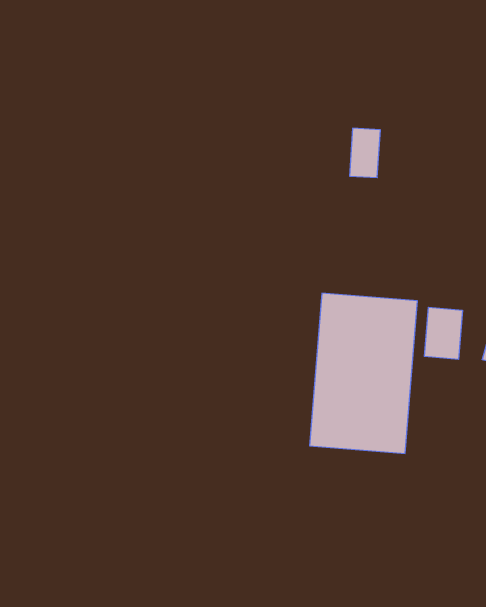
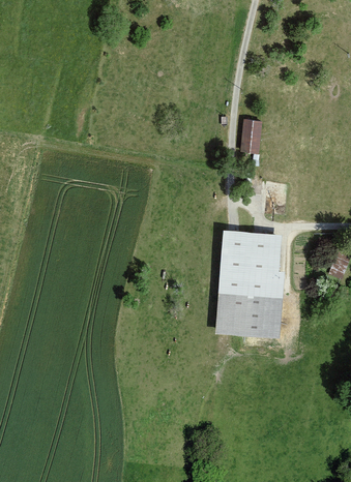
building: [424,307,462,359] -> none

